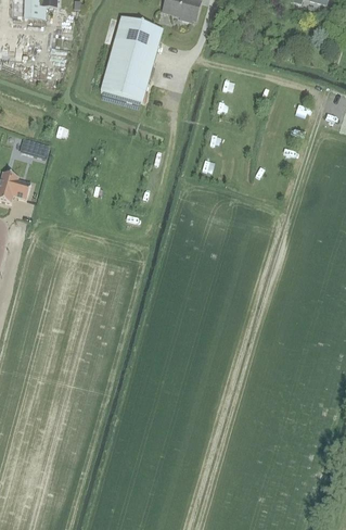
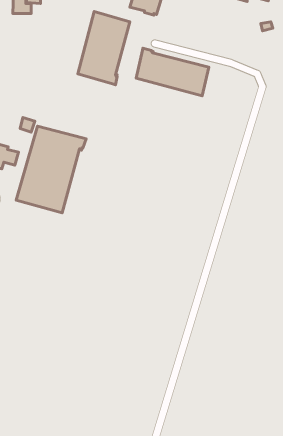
building: none -> [136,48,209,96]
building: none -> [16,126,86,213]

